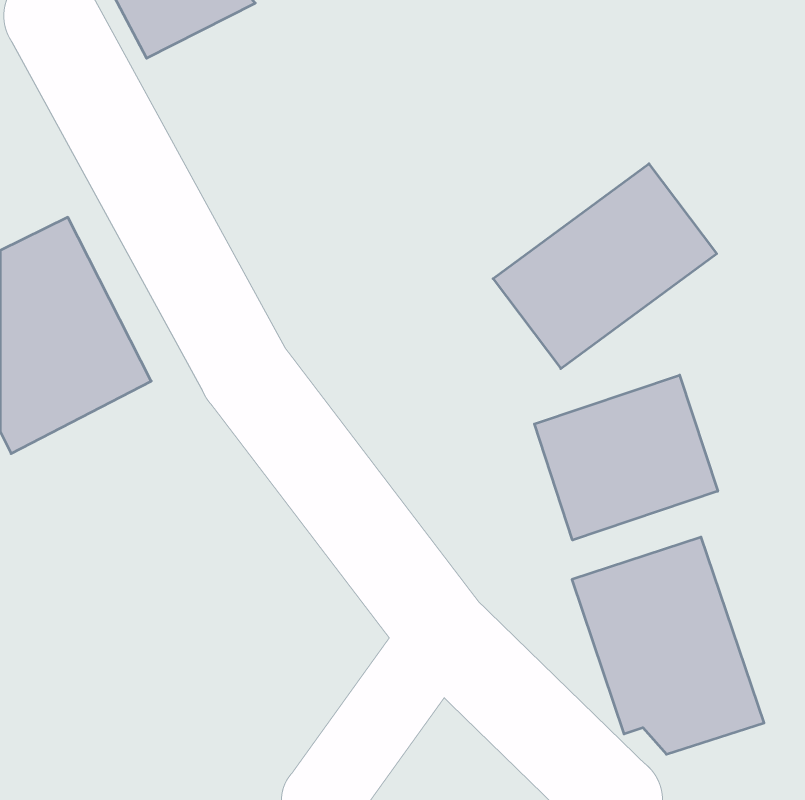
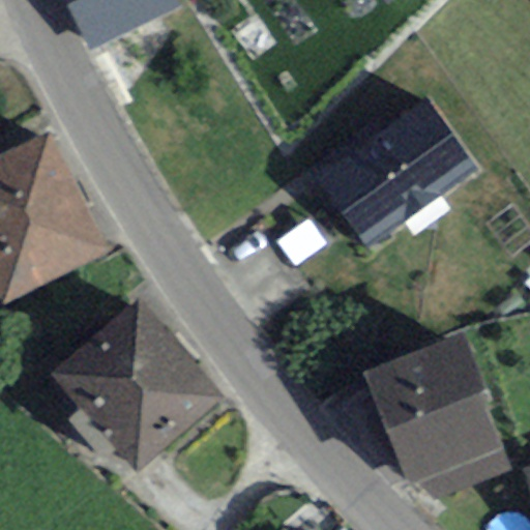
building: [534,375,718,540] -> none
building: none -> [61,312,215,467]

